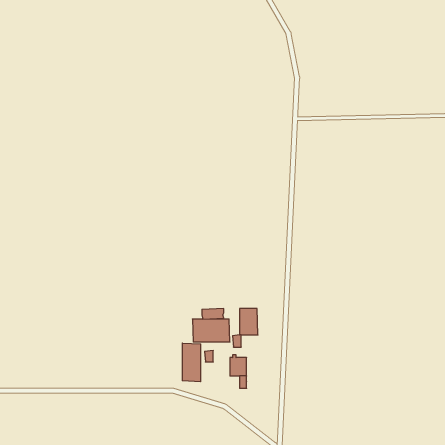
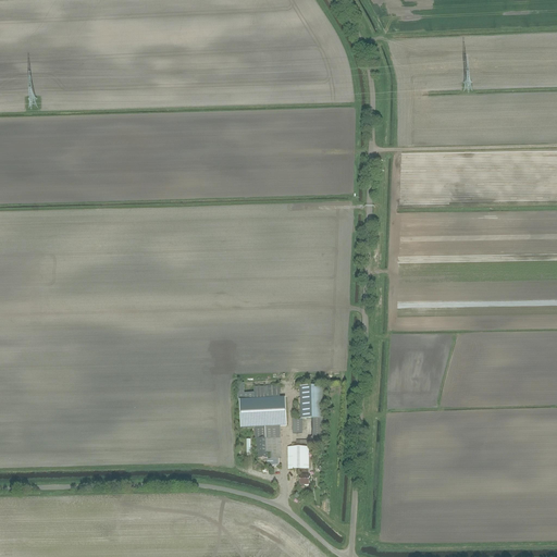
building: [182,343,201,382] -> none

